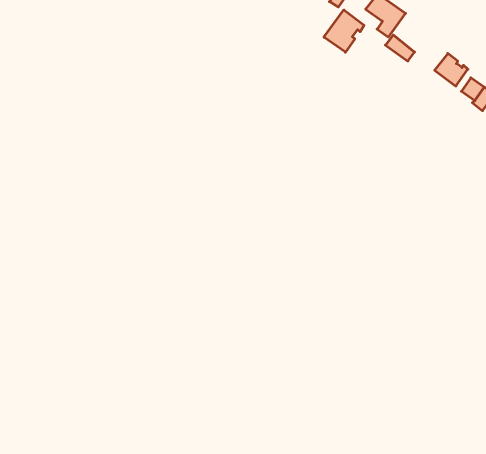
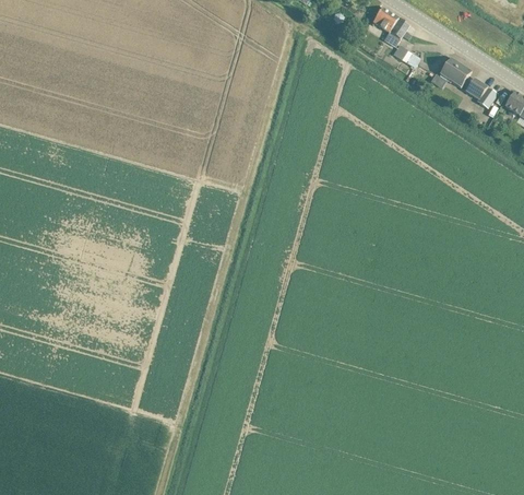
building: [324,10,364,52] -> none

